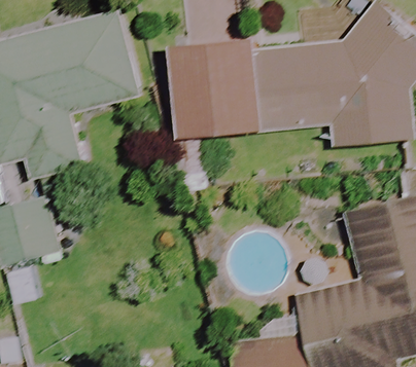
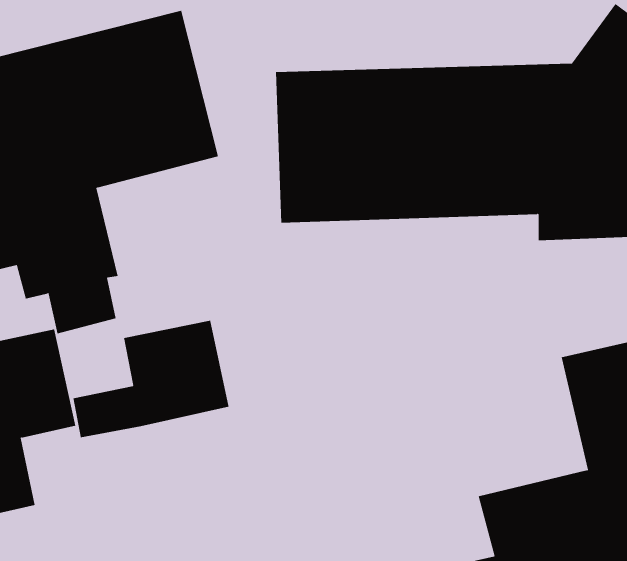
building: none -> [73,320,229,438]

